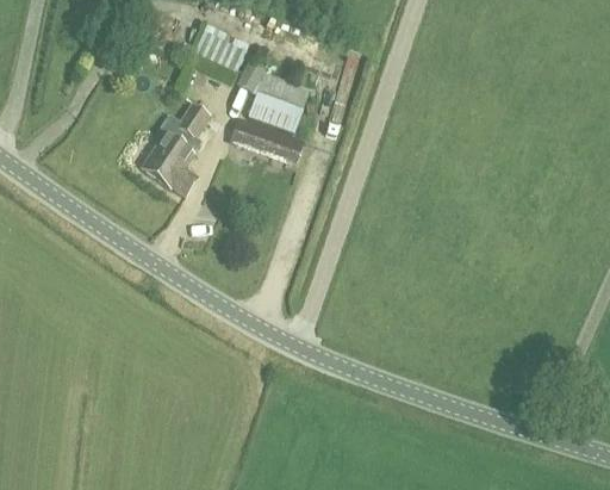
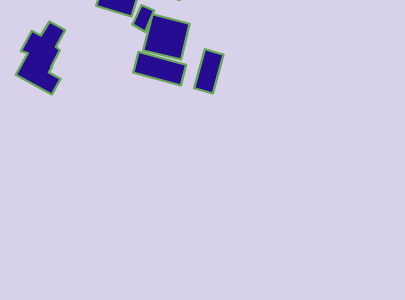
building: [142,103,211,197] -> [16,22,65,94]
building: none -> [194,49,223,94]

